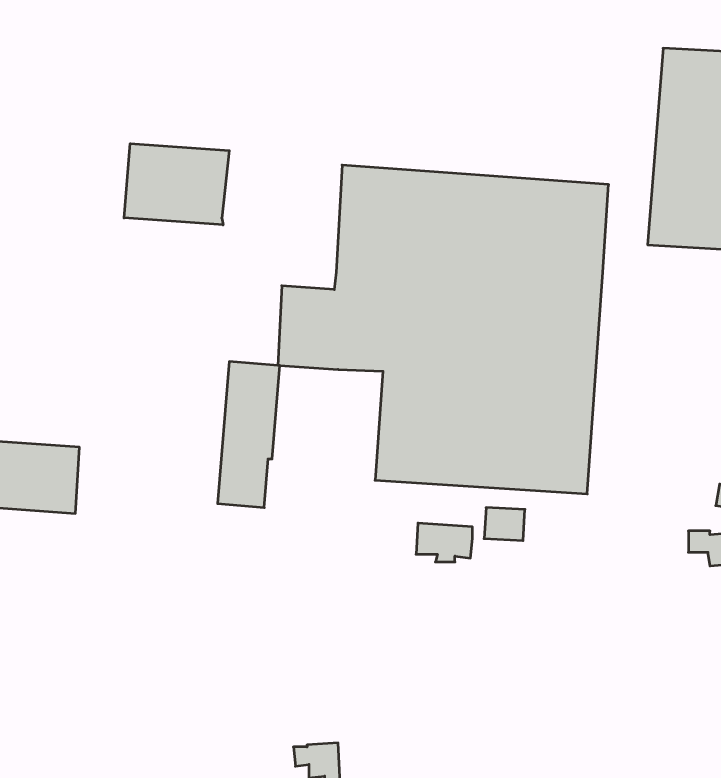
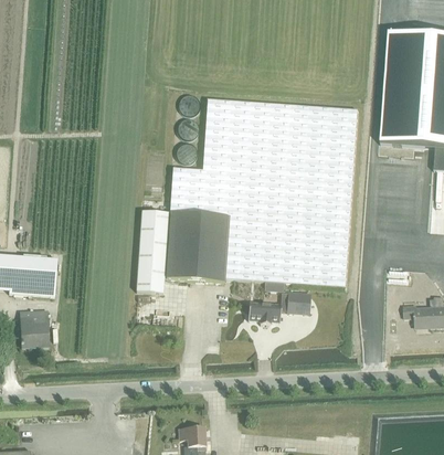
building: [124,144,229,225] -> none
building: none -> [167,212,230,282]
building: none -> [21,310,50,347]

